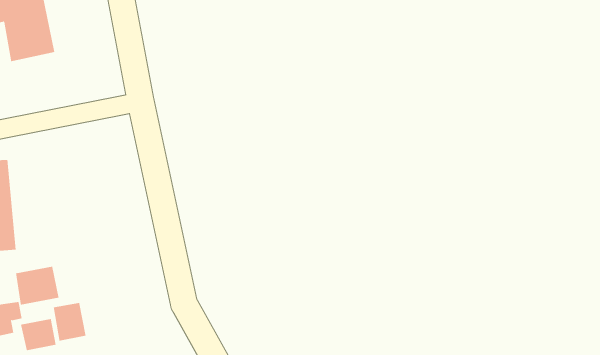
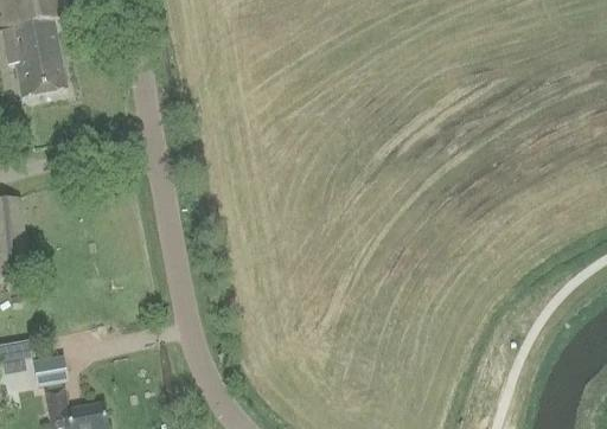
building: [15,266,59,306] -> none
building: [53,302,86,341] -> none

